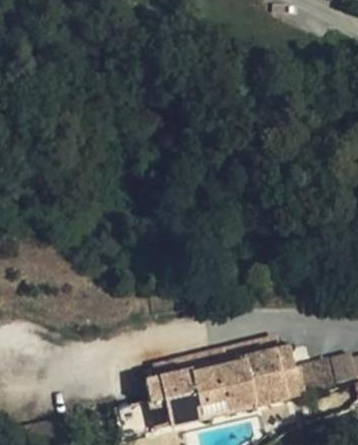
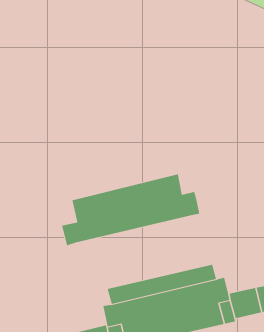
building: none -> [62,174,200,246]

